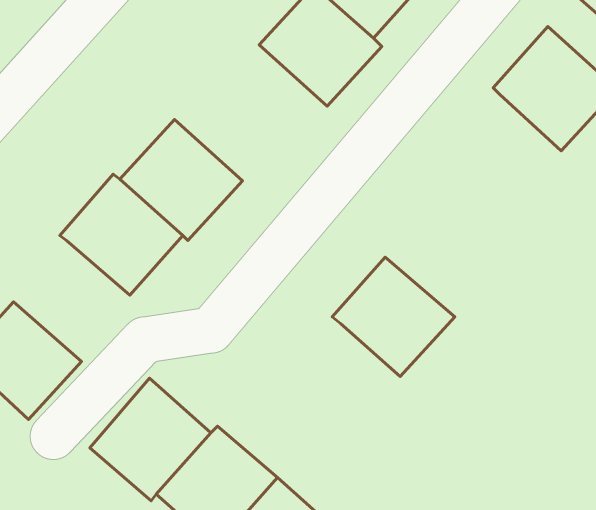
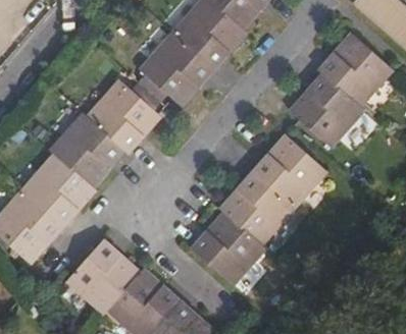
building: none -> [138,36,212,110]
building: none -> [286,66,360,141]
building: none -> [248,127,324,203]
building: none -> [19,156,94,230]
building: none -> [189,207,262,280]

